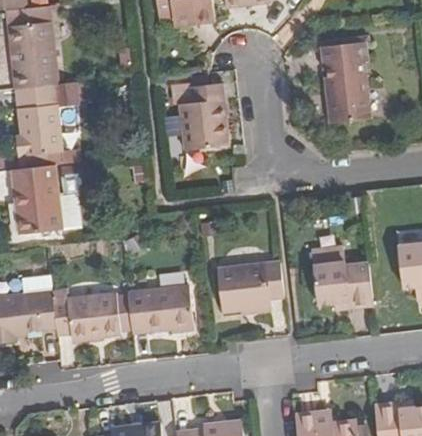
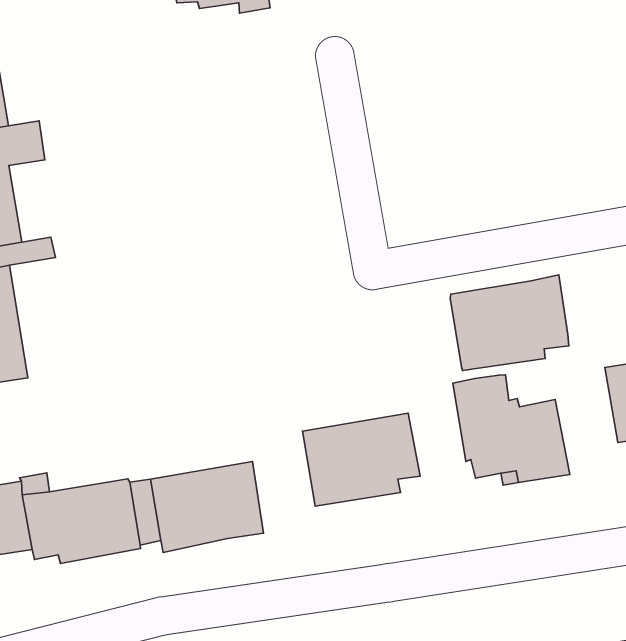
building: [318,42,371,123] -> none
building: [184,84,231,149] -> none
building: none -> [450,275,569,370]

